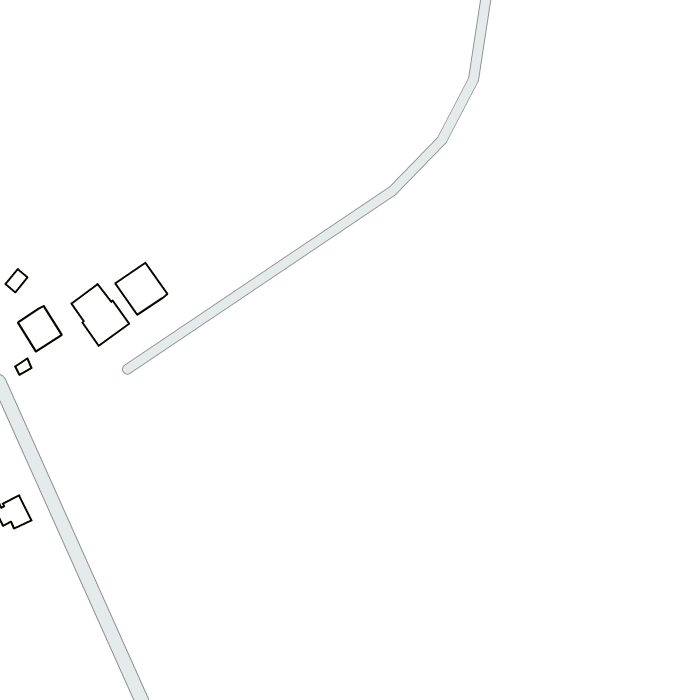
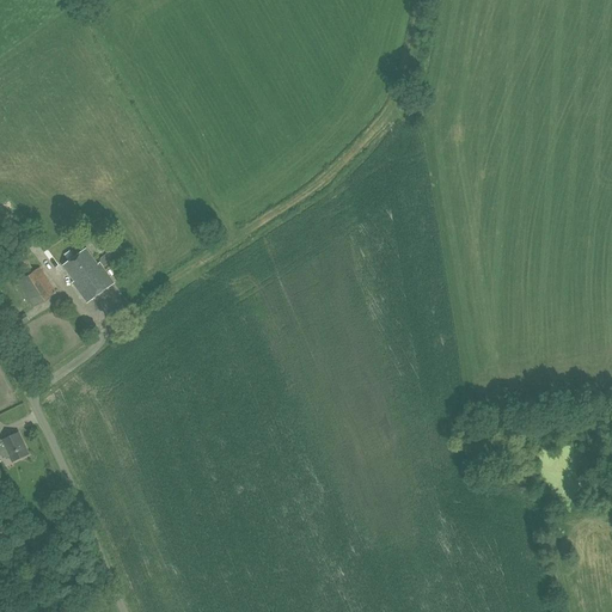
building: [115,263,167,315] -> none

